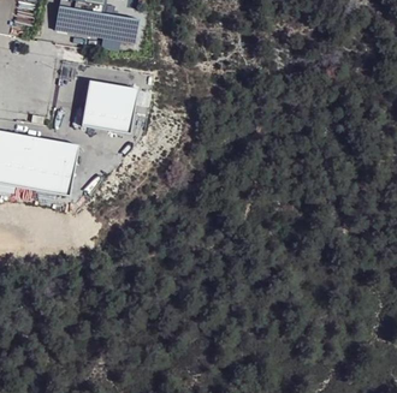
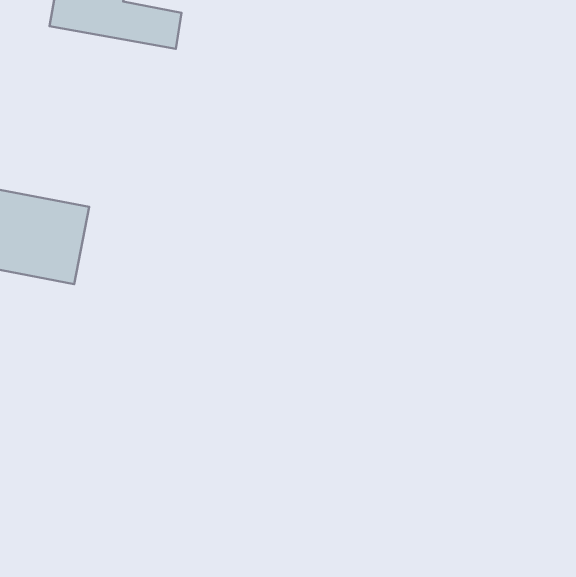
building: [84,78,140,131] -> none

